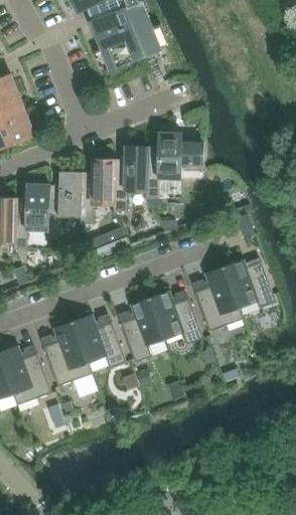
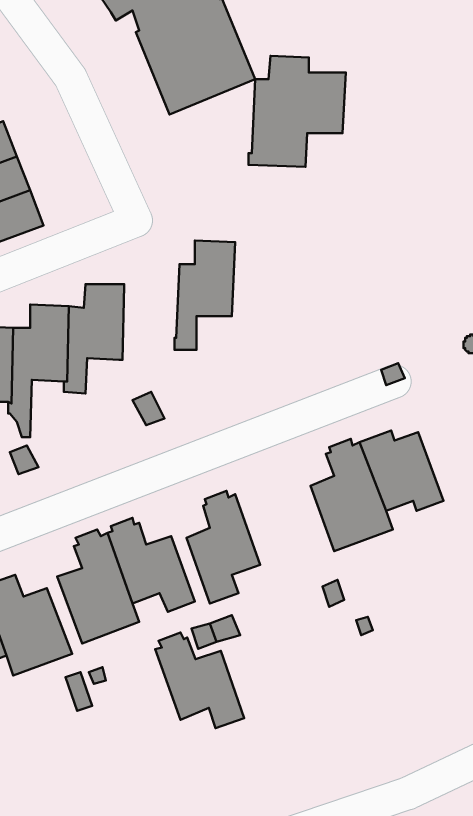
building: [145,132,203,198] -> [249,56,346,167]
building: [80,158,116,223] -> none
building: [149,287,202,344] -> [155,632,244,728]

